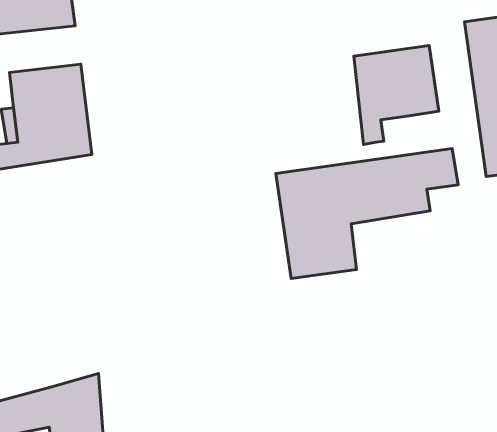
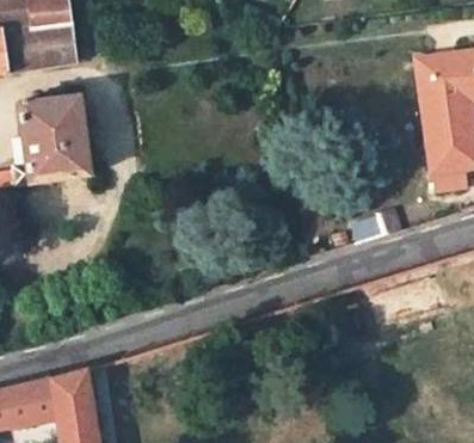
building: [354,46,439,144] -> none
building: [276,149,458,279] -> none

